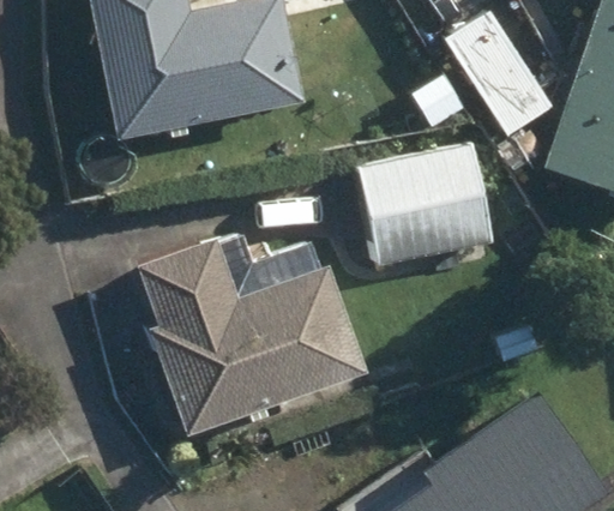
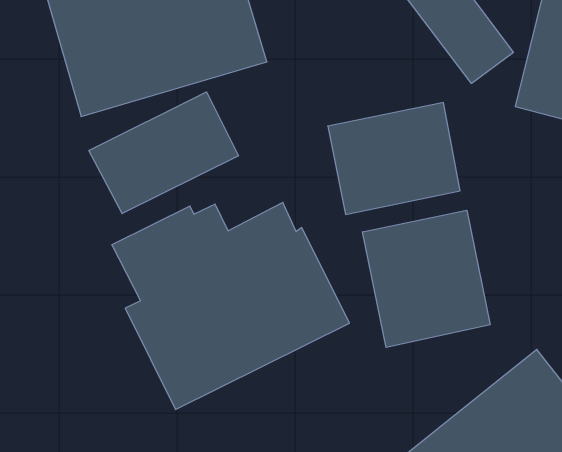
building: none -> [89,92,238,214]
building: none -> [363,210,490,347]

